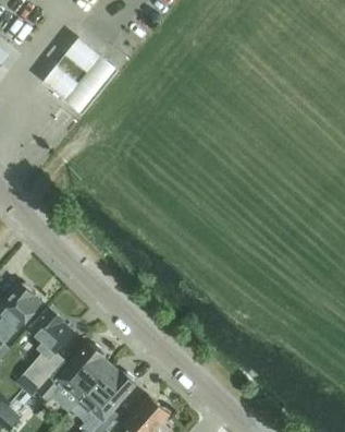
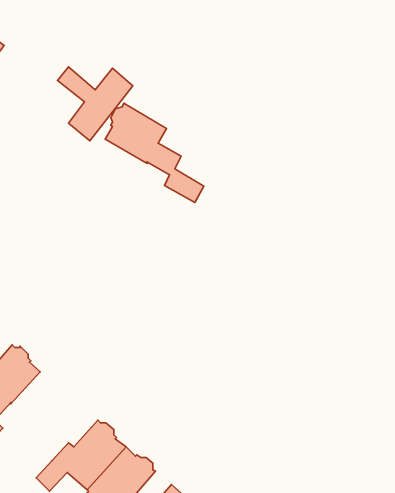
building: none -> [105,103,204,202]
building: [23,309,73,388] -> none

